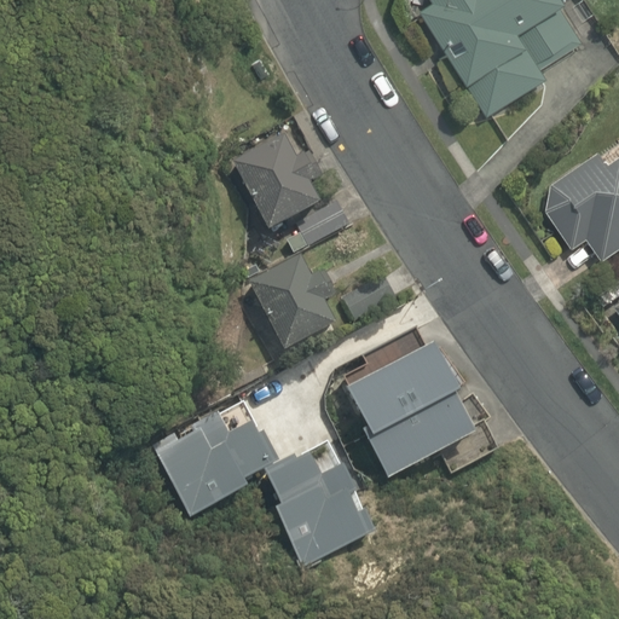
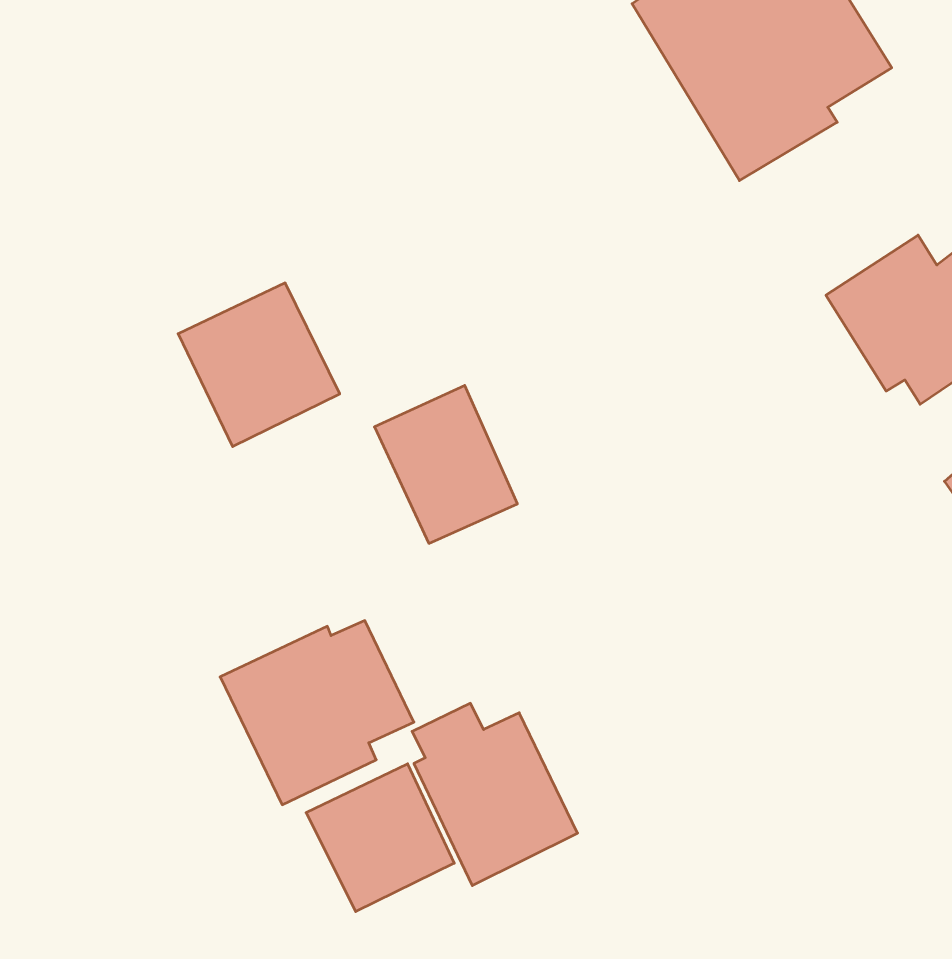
building: [228,125,332,230] -> [178,283,340,447]
building: [339,329,501,476] -> none
building: none -> [306,764,454,912]

